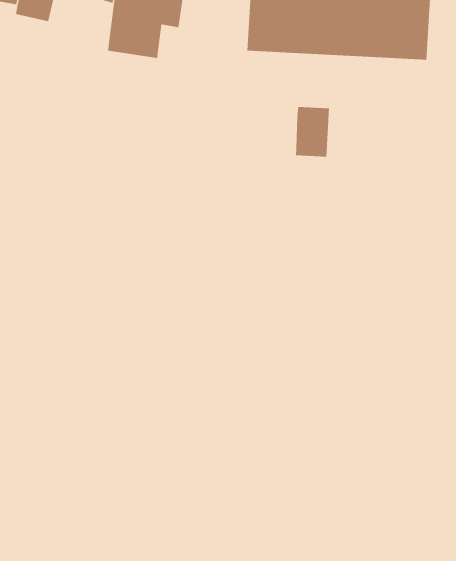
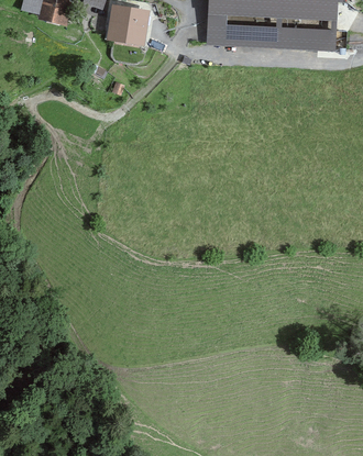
building: [295,106,329,158] -> none

